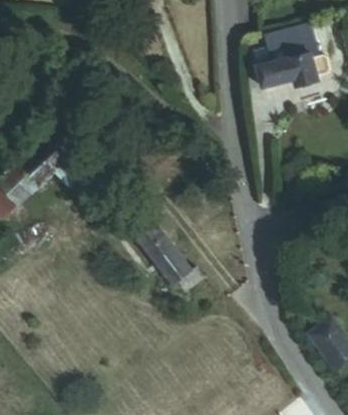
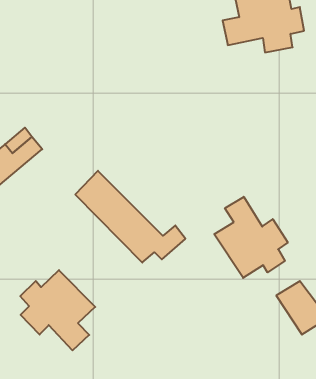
building: none -> [214,197,288,278]
building: none -> [20,270,95,350]

